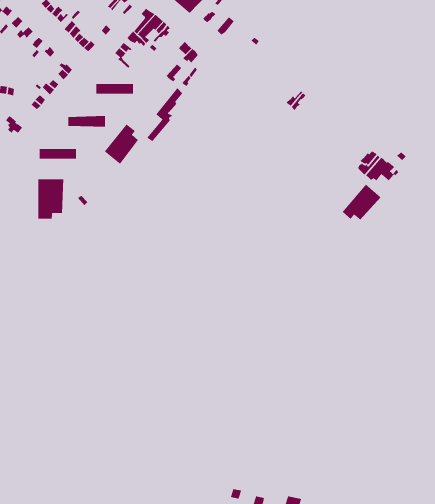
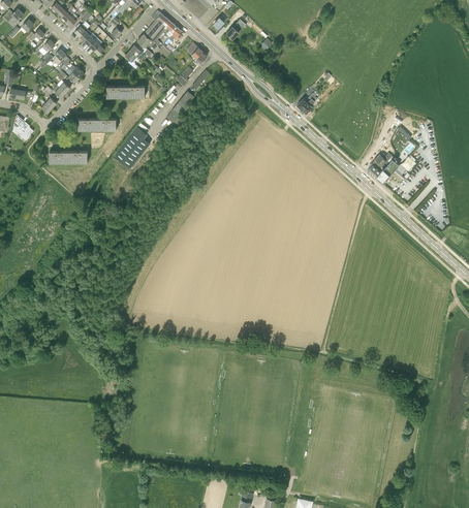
building: [38,179,64,220] -> none
building: [342,184,382,220] -> none

